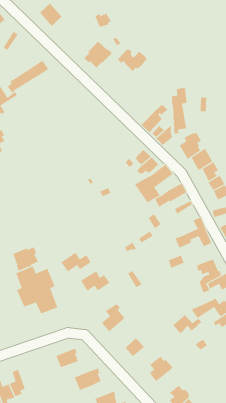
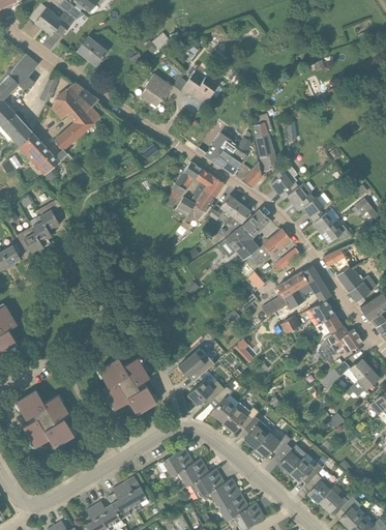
building: none -> [53,83,98,122]
building: none -> [206,137,237,167]
building: none -> [162,161,224,229]
building: none -> [261,271,308,318]
building: none -> [305,299,334,324]
building: [12,246,39,271] -> none
building: [61,252,92,272] -> [187,379,225,405]
building: [172,314,202,334] -> [256,433,291,458]
building: none -> [221,407,259,433]
building: none -> [171,459,207,485]
building: none -> [120,480,147,513]
building: none -> [290,458,322,481]
building: none -> [209,478,238,506]

